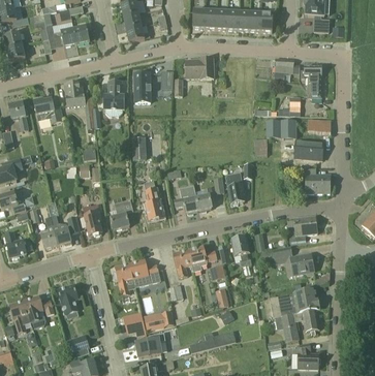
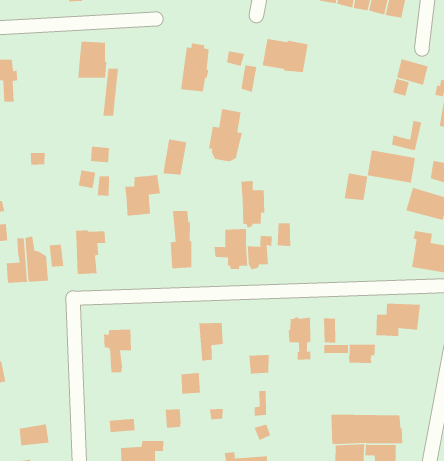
building: [104,81,125,115] -> [208,108,243,162]
building: [34,96,64,123] -> none
building: [225,173,245,205] -> [241,180,265,228]
building: [110,198,134,229] -> [124,174,161,216]
building: [189,246,217,271] -> none
building: [290,252,315,275] -> none
building: [130,259,160,286] -> none
building: [58,285,79,315] -> none

